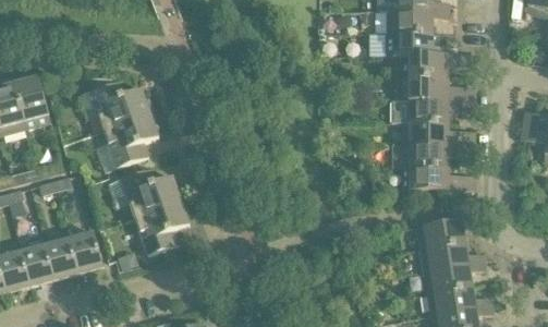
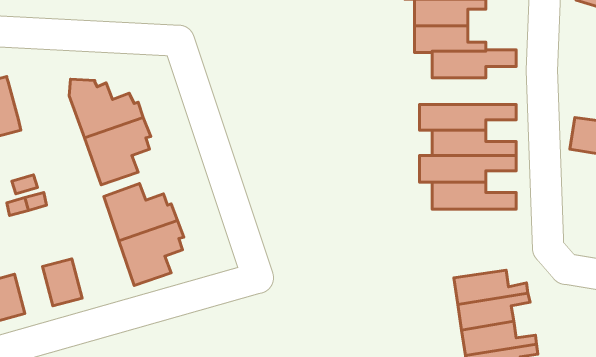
building: [402,77,474,100] -> none
building: [416,217,478,249] -> none
building: [45,239,77,279] -> none

